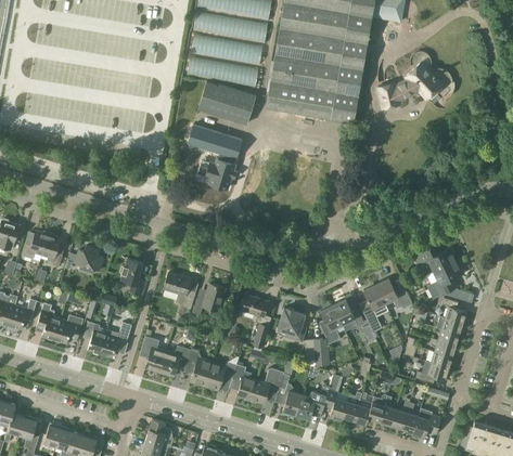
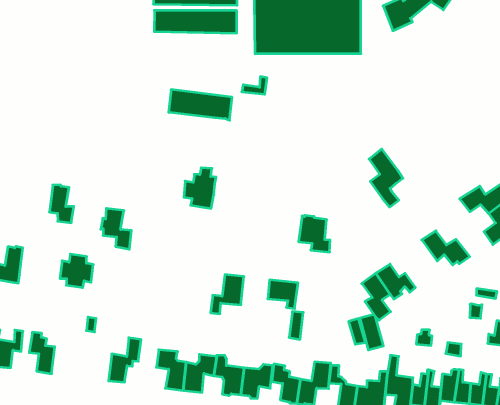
building: [210,83,255,121] -> none
building: [205,154,234,188] -> [184,168,216,208]
building: [41,233,62,266] -> [49,185,74,223]
building: [119,258,144,295] -> [101,208,131,249]
building: [163,272,195,309] -> none
building: [361,284,388,333] -> [369,149,403,207]
building: [278,308,304,341] -> [299,215,330,252]
building: [53,315,82,343] -> none
building: [84,321,105,354] -> none

